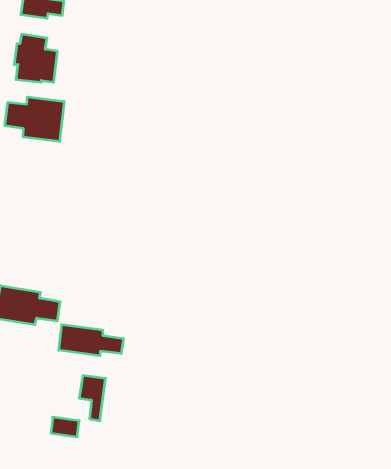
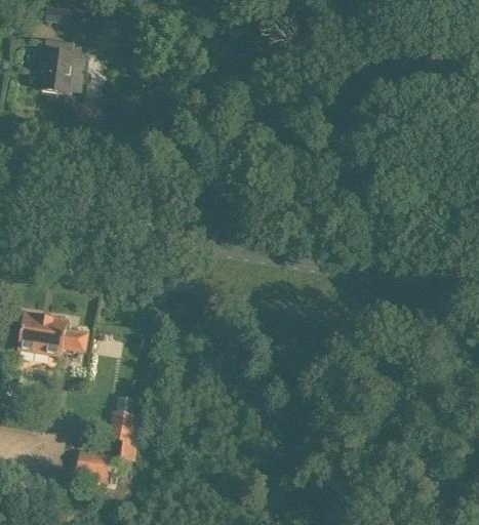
building: [5,97,64,142] -> none
building: [59,325,124,356] -> none

